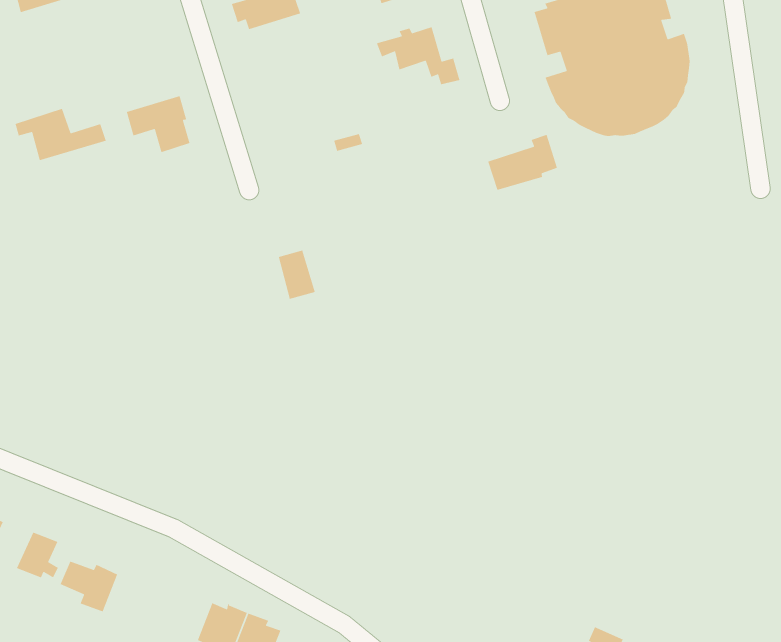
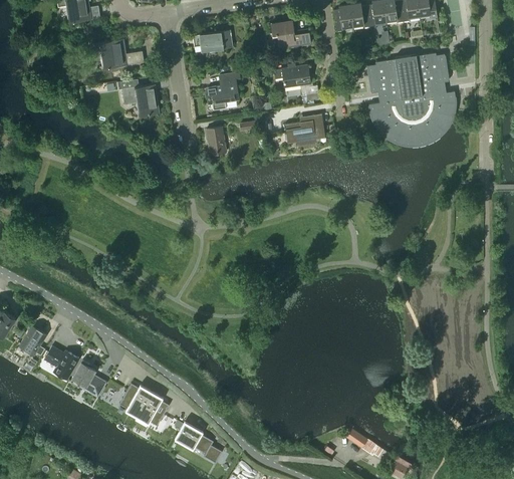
building: none -> [207,72,239,110]
building: [15,108,107,161] -> [91,39,144,68]
building: [487,134,560,191] -> [284,113,325,143]
building: [278,250,316,300] -> [207,127,226,155]
building: none -> [69,361,105,397]

